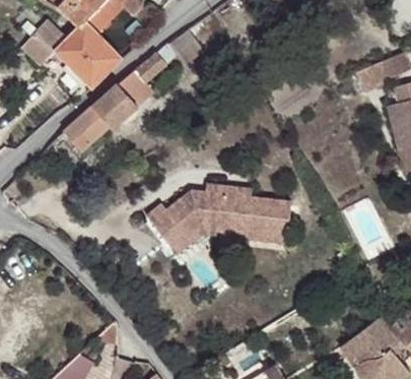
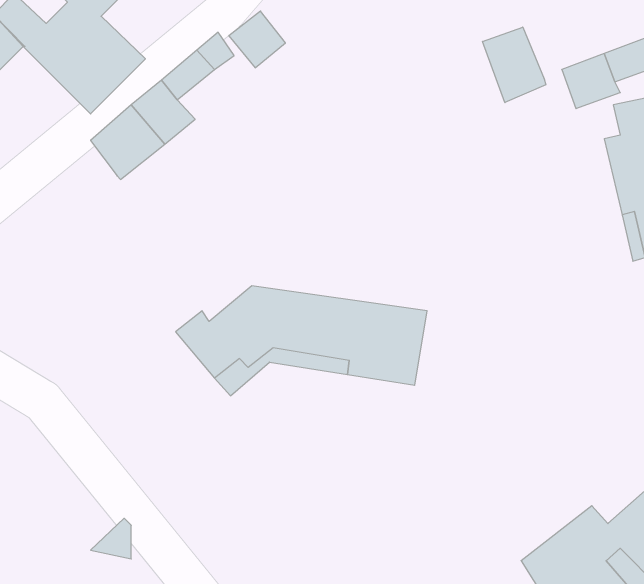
building: none -> [483,27,546,103]
building: [63,105,109,151] -> none

